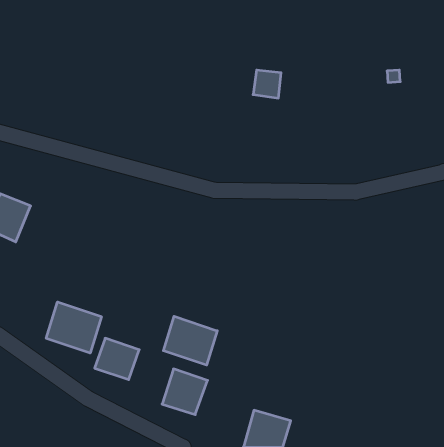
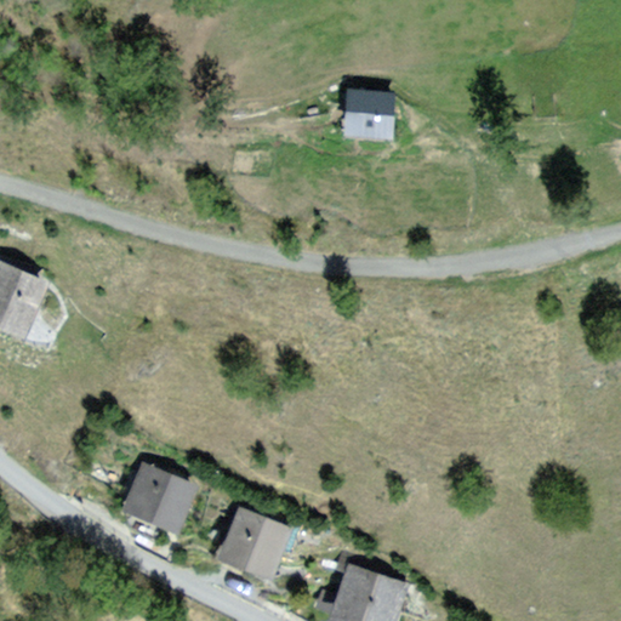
building: [46,302,101,353] -> none
building: [163,316,217,365] -> none

